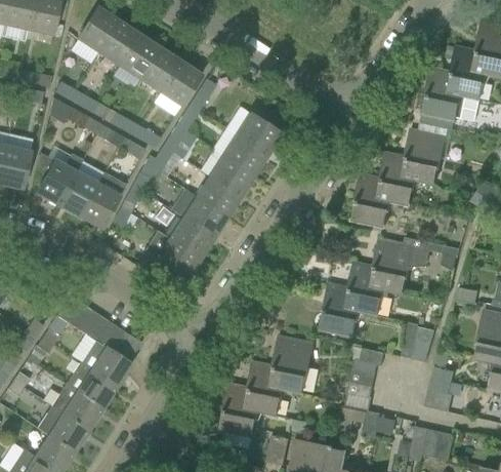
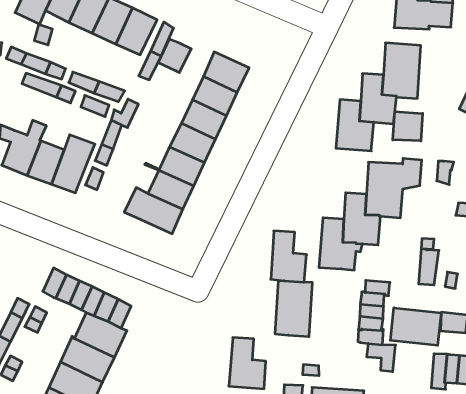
building: [163,125,196,158] -> [158,39,191,73]
building: none -> [393,111,423,141]
building: [245,362,282,415] -> [271,231,307,282]
building: none -> [390,308,441,345]

